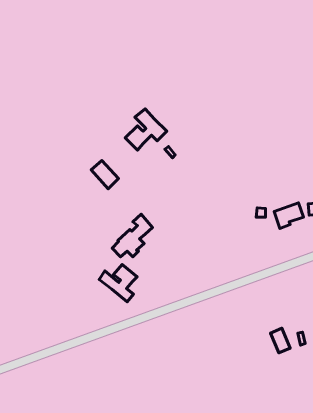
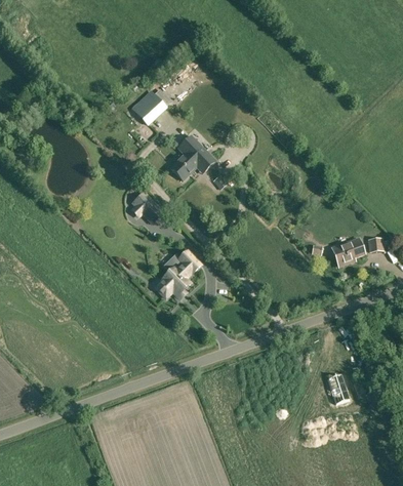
building: none -> [133,92,165,124]
building: [99,264,137,302] -> none

